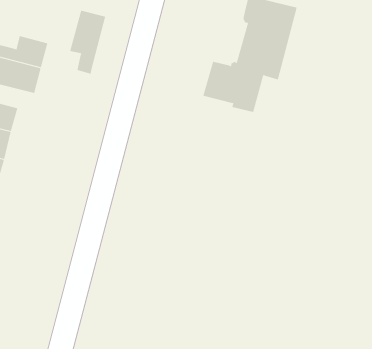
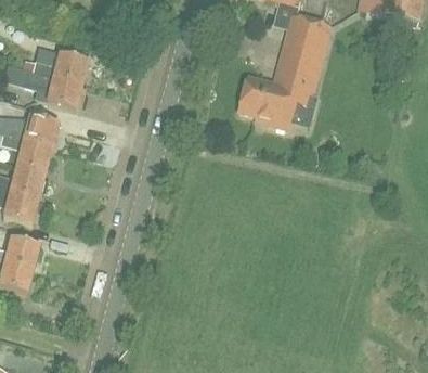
building: [69,10,106,74] -> none

